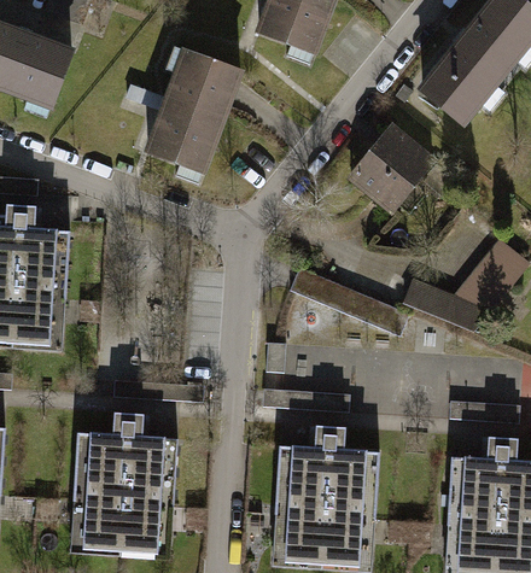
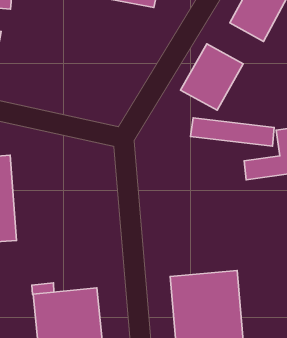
building: [145,54,247,186] -> none
building: [291,273,413,329] -> [191,118,274,146]

